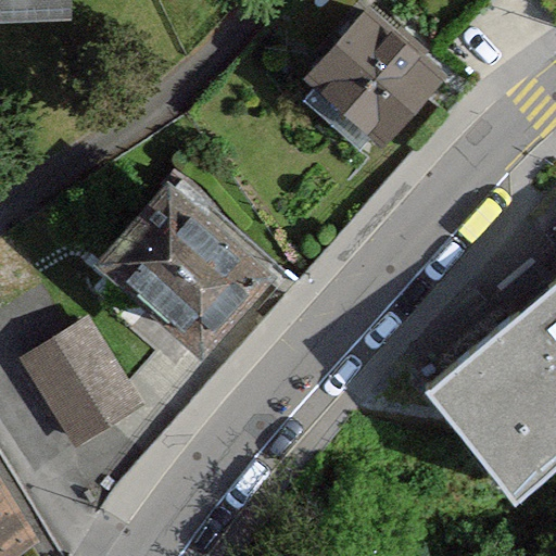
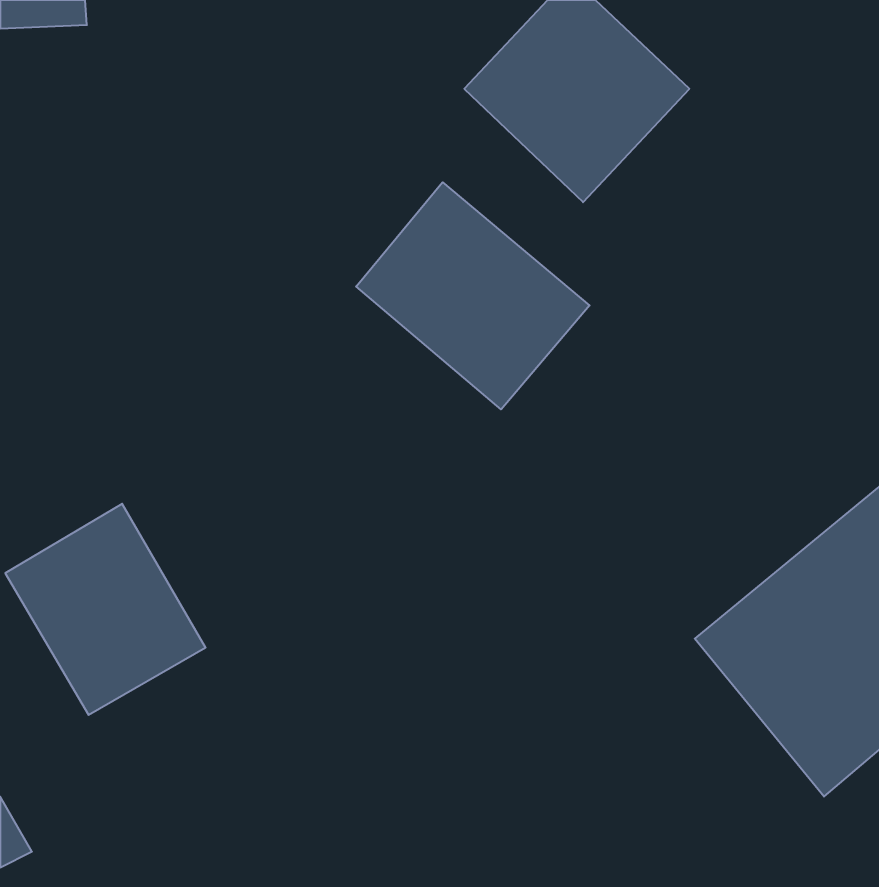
building: none -> [356,182,590,409]
building: [85,169,261,340] -> none

